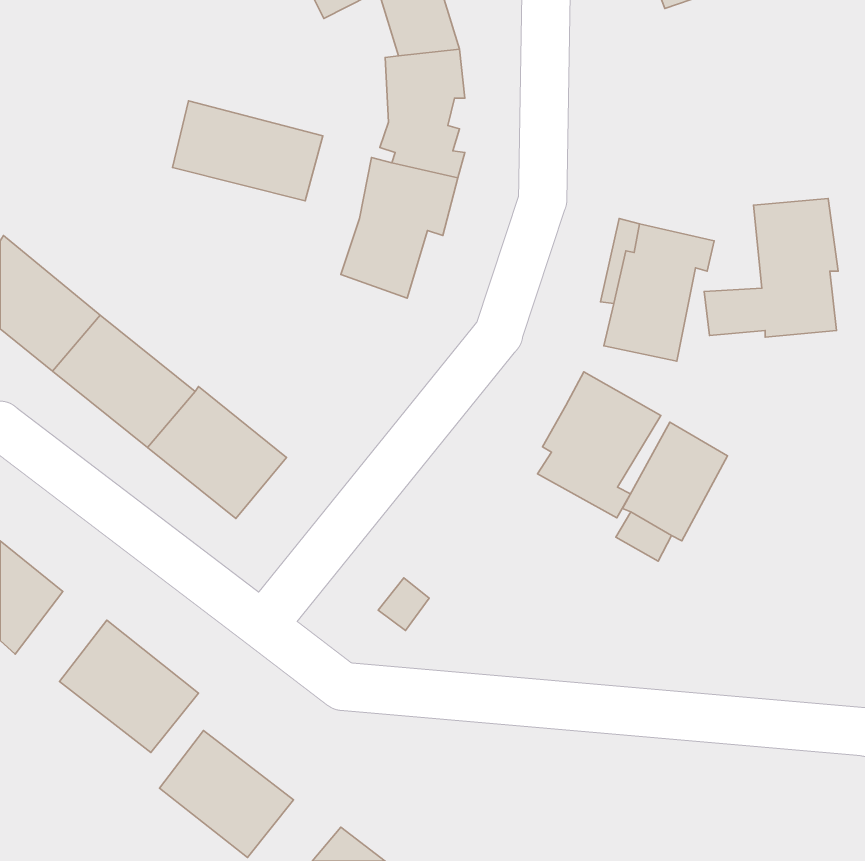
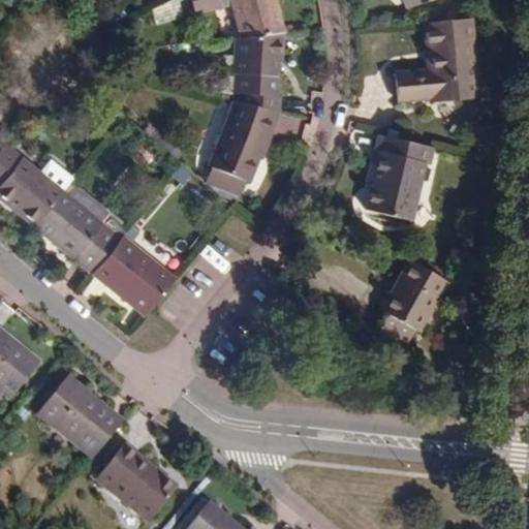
building: [172,101,323,201] -> none
building: [704,198,838,337] -> [395,15,476,100]
building: [538,372,661,518] -> none

